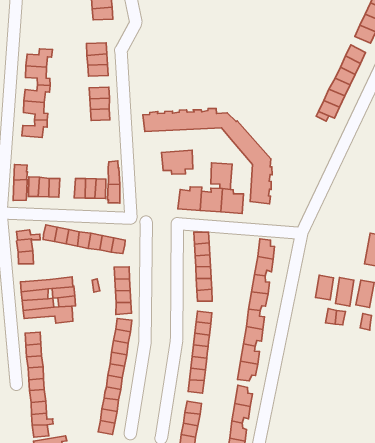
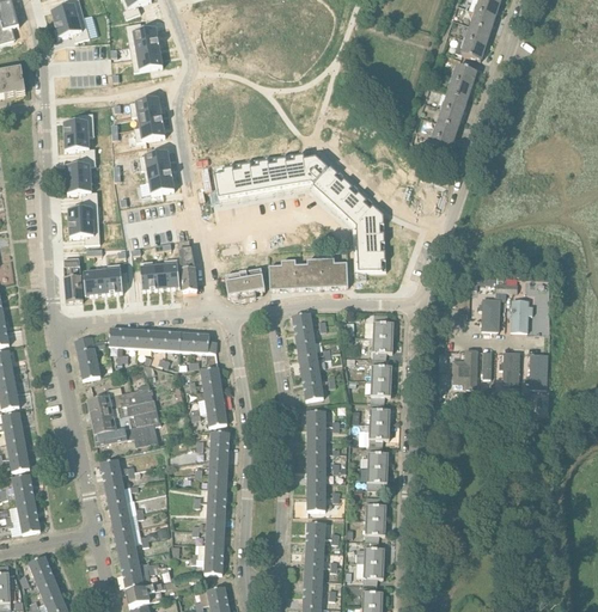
building: none -> [68,220,99,243]
building: [161,150,193,174] -> [224,267,264,299]
building: [211,163,232,190] -> none
building: none -> [480,295,500,329]

